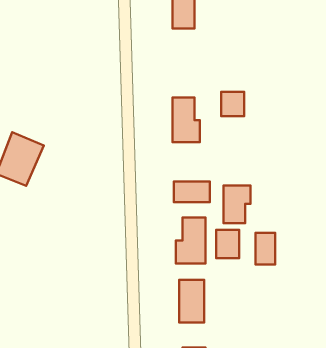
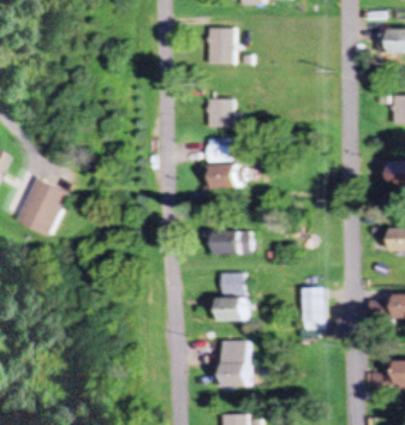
building: [221,92,244,116] -> [210,100,236,126]
building: [224,185,250,223] -> none
building: [216,230,239,258] -> none

